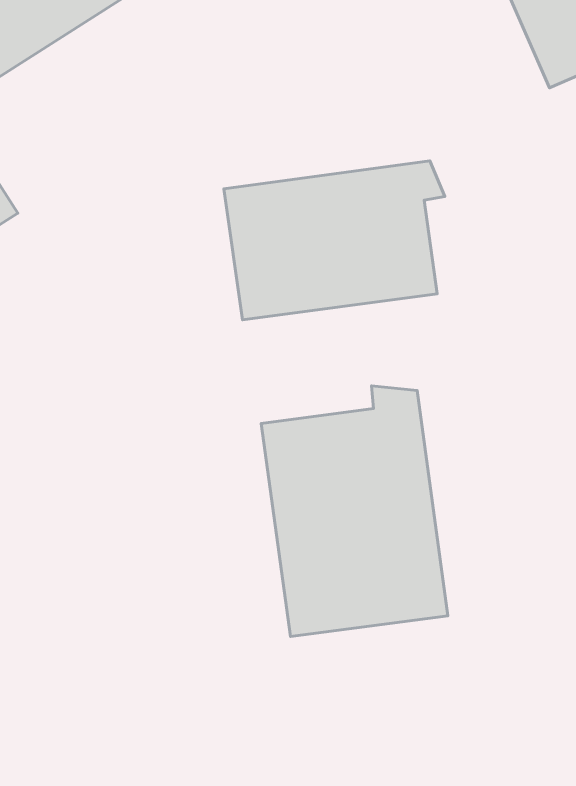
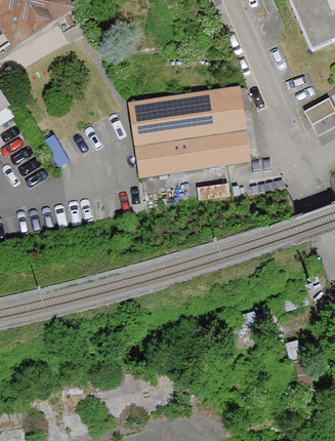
building: [261,386,448,636] -> none

